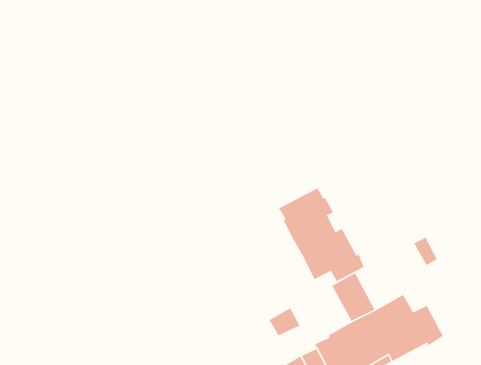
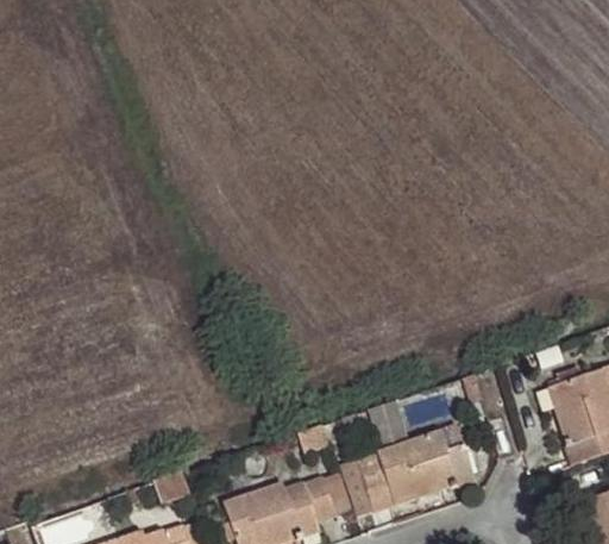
building: [278,187,365,282] -> none

